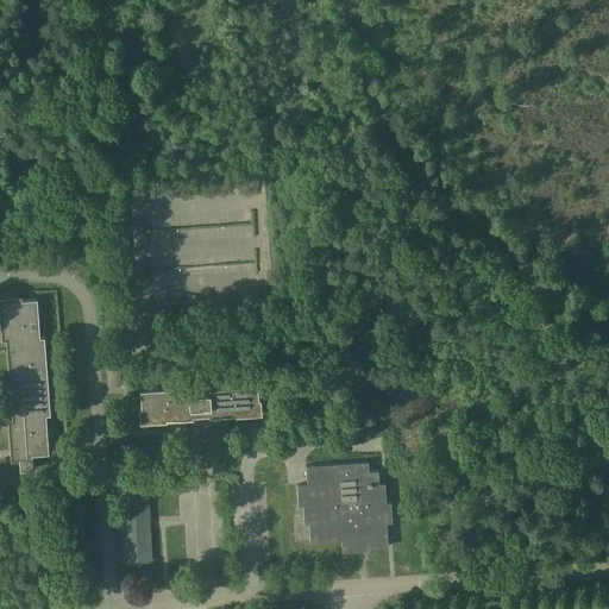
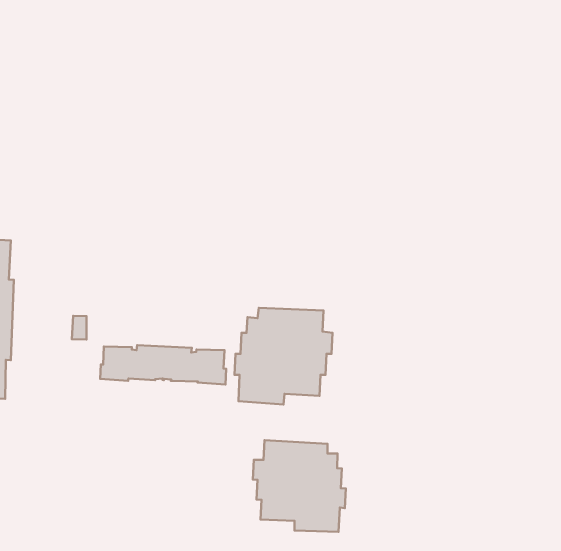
building: none -> [234,308,333,404]
building: [121,490,152,566] -> none

